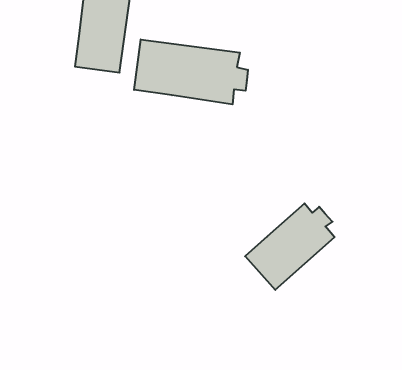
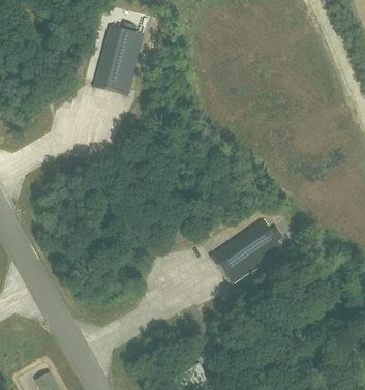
building: [134,39,248,104] -> none

